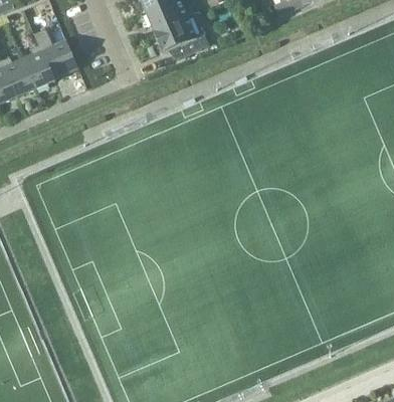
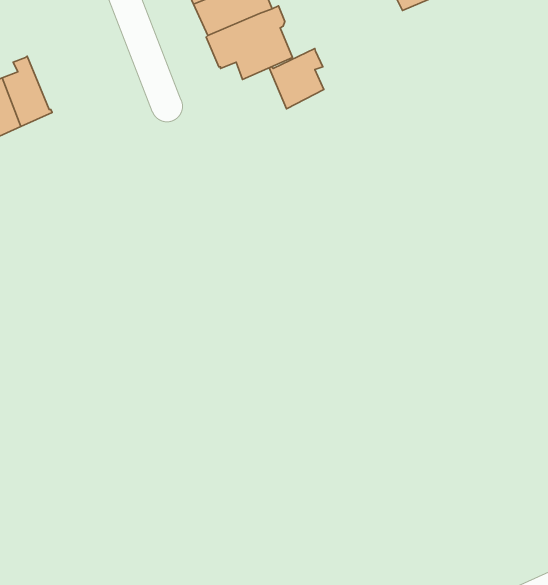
building: [32,29,76,79] -> none
building: none -> [269,48,324,109]

